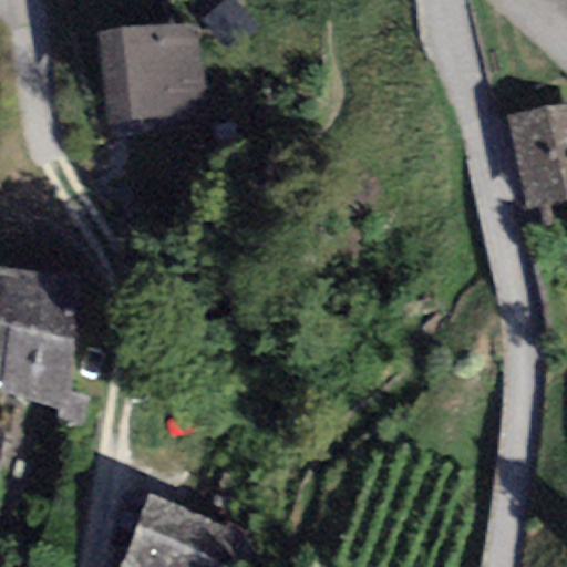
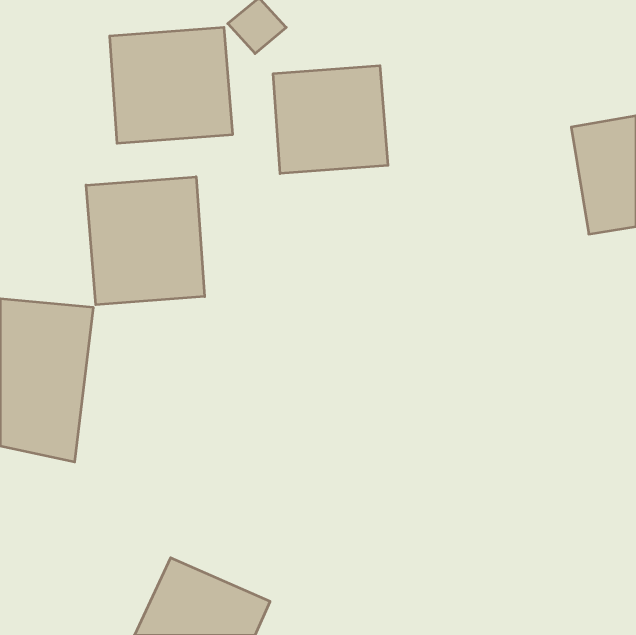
building: none -> [273,66,388,174]
building: none -> [86,177,205,305]

